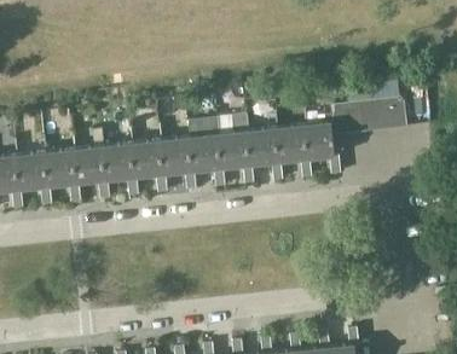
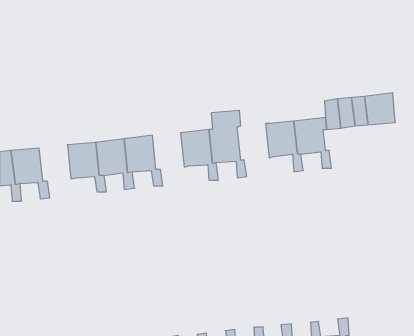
building: [244,111,283,180] -> none
building: [157,138,196,190] -> none
building: [41,150,81,202] -> none

